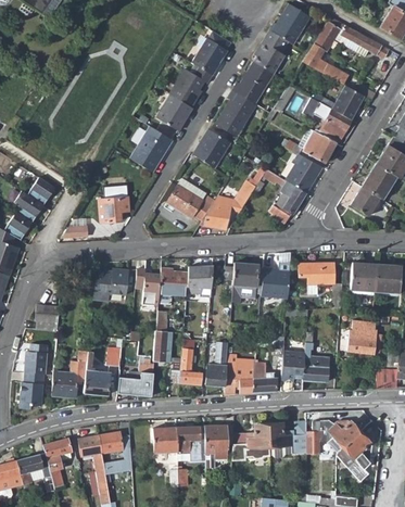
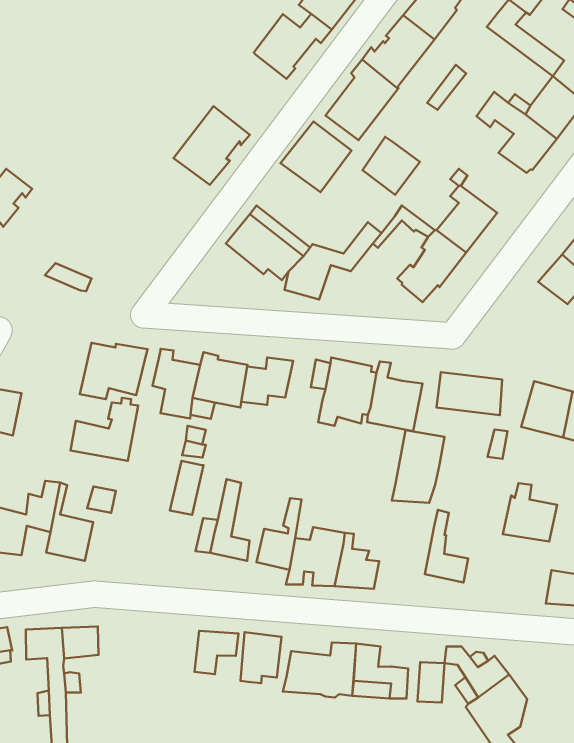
building: [159,92,193,128] -> none
building: [303,130,336,163] -> [362,137,420,195]
building: [98,186,130,223] -> none
building: [280,351,306,392] -> [392,430,444,503]
building: [117,359,153,395] -> [71,398,138,461]
building: [153,428,178,452] -> none

